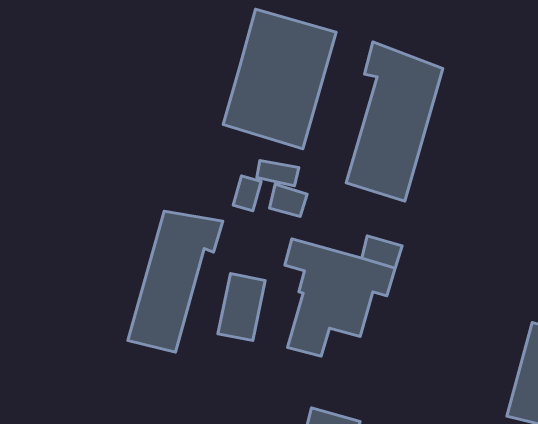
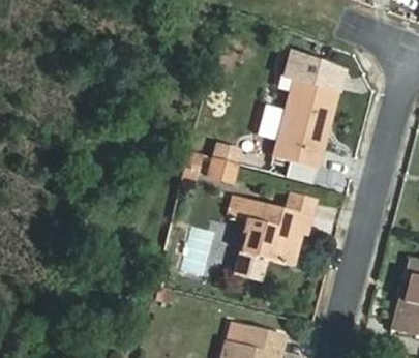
building: [223,9,336,149] -> none
building: [128,211,223,352] -> none

